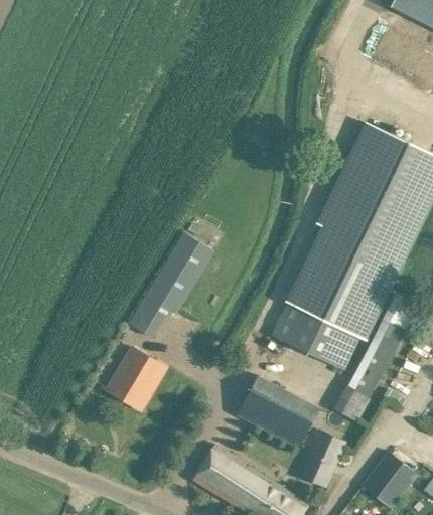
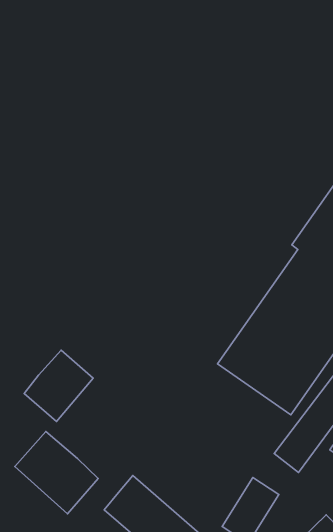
building: [131,234,212,337] -> none
building: [238,375,320,447] -> none
building: none -> [15,431,98,514]

